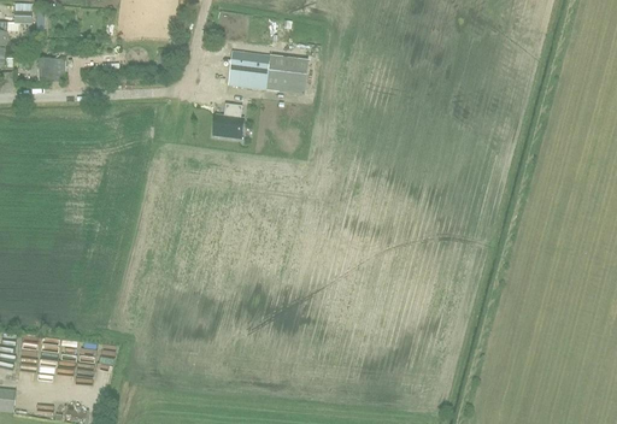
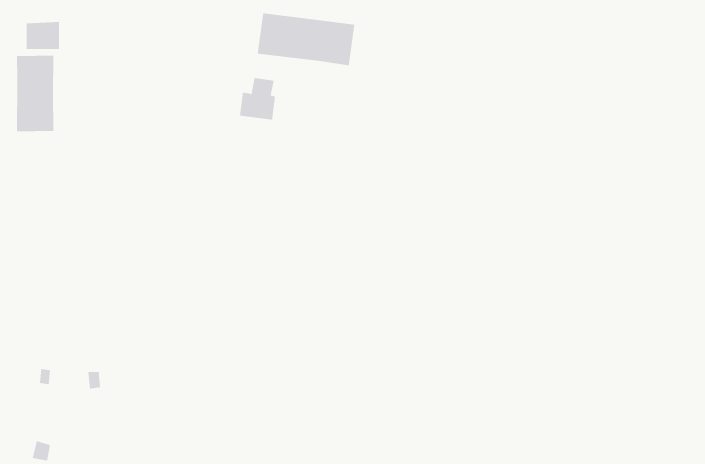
building: none -> [16,55,54,132]

